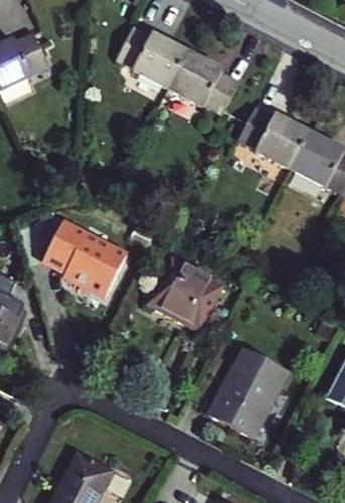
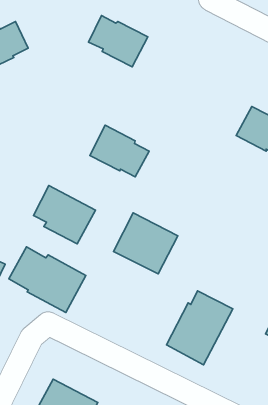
building: [169,50,239,111] -> [90,125,149,177]
building: [239,107,310,166] -> none
building: none -> [9,247,86,313]

